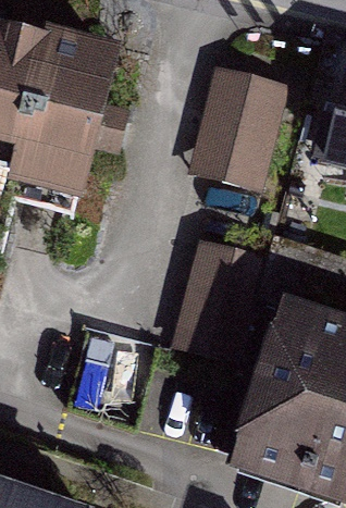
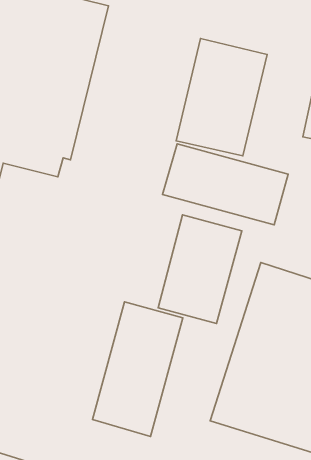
building: none -> [162,144,288,225]
building: none -> [93,302,183,436]

